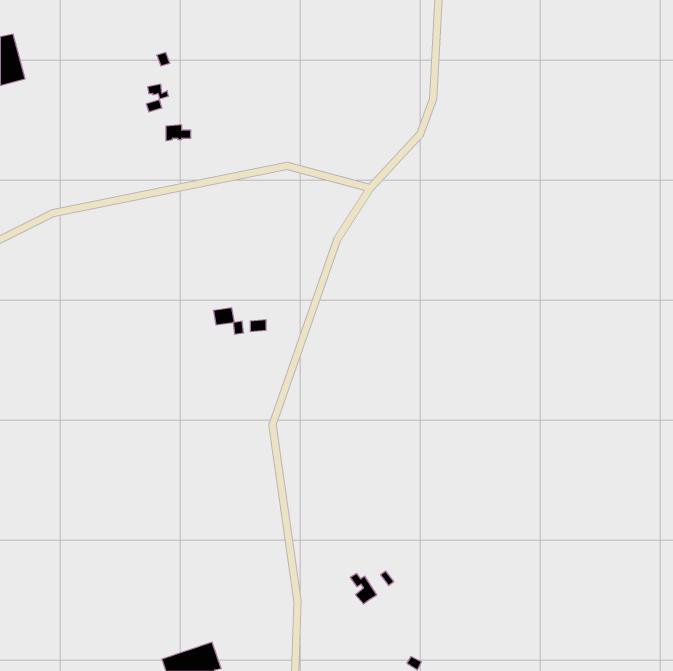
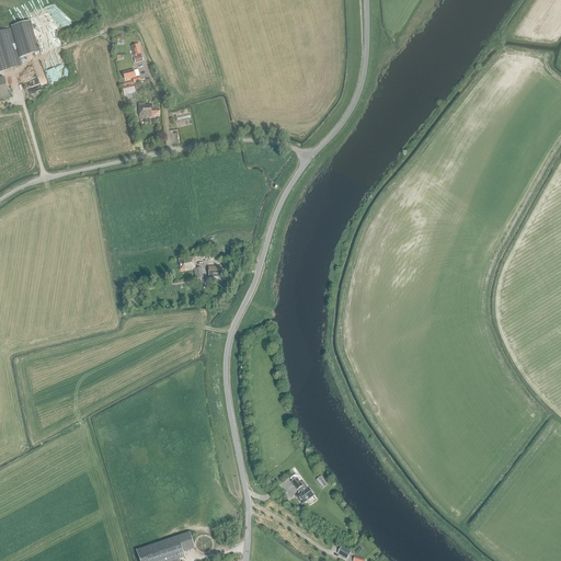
building: none -> [10,20,38,57]

